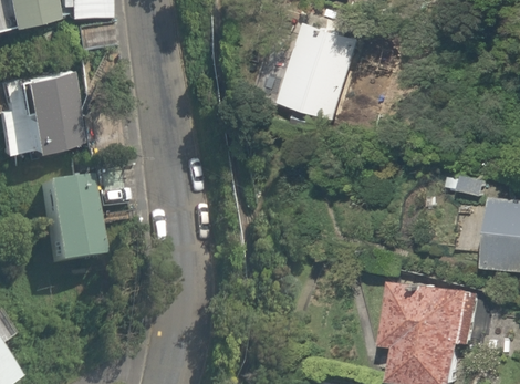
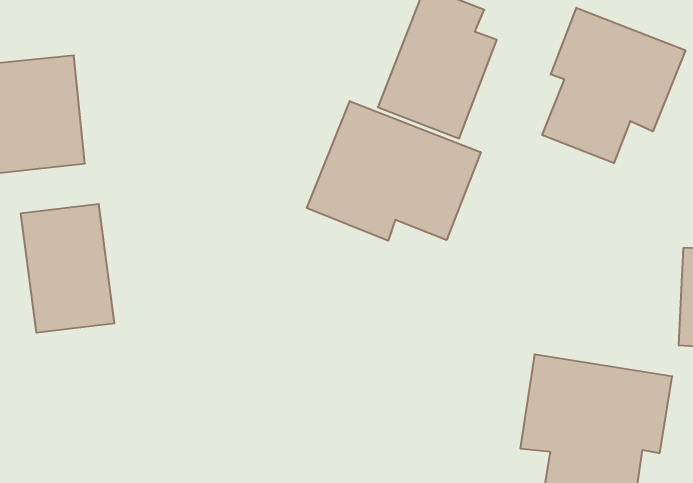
building: none -> [542,8,685,163]
building: none -> [307,101,481,241]

